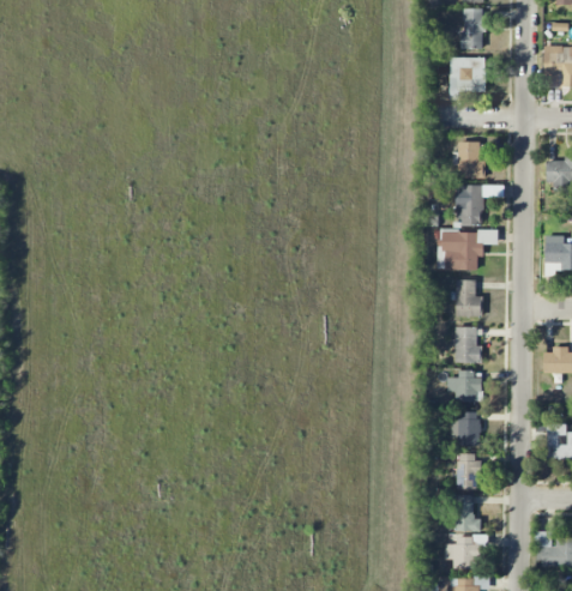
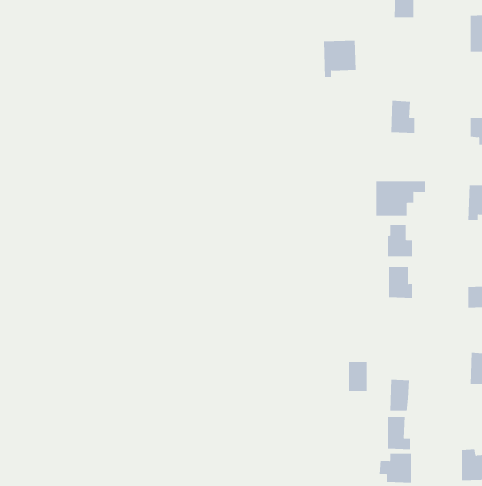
building: [448,58,486,99] -> [323,40,356,78]
building: [457,185,482,225] -> none
building: [447,372,480,403] -> none
building: [457,412,478,446] -> [348,362,368,392]

